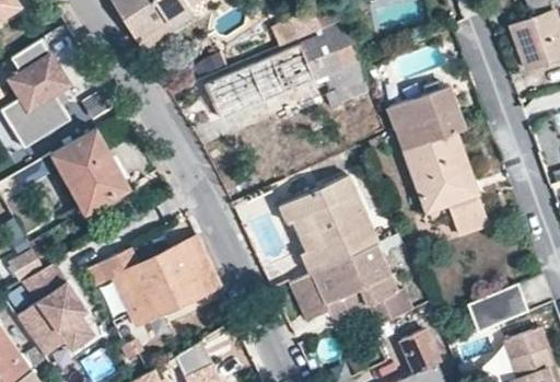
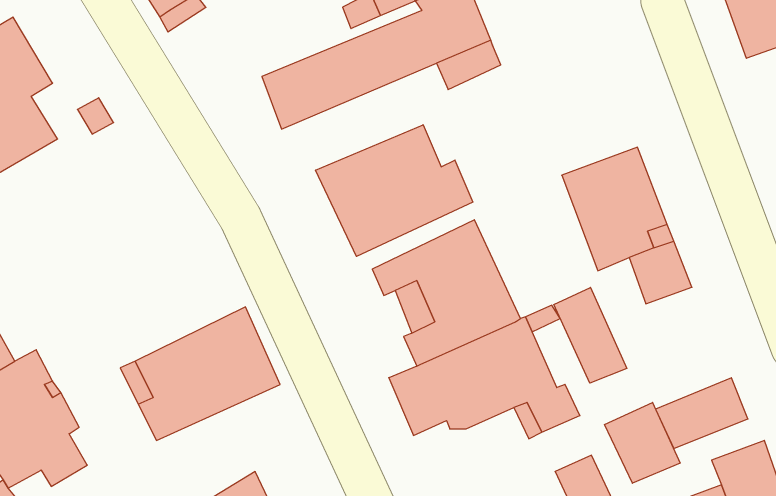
building: [387,79,463,147] -> none
building: none -> [316,125,473,256]
building: [51,134,130,220] -> none
building: none -> [554,287,627,383]
building: none -> [605,402,680,483]

